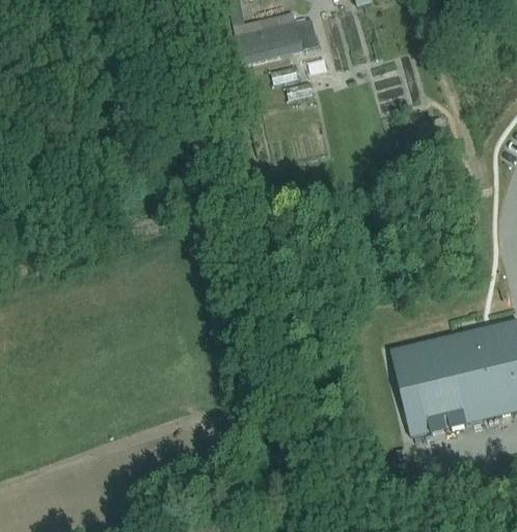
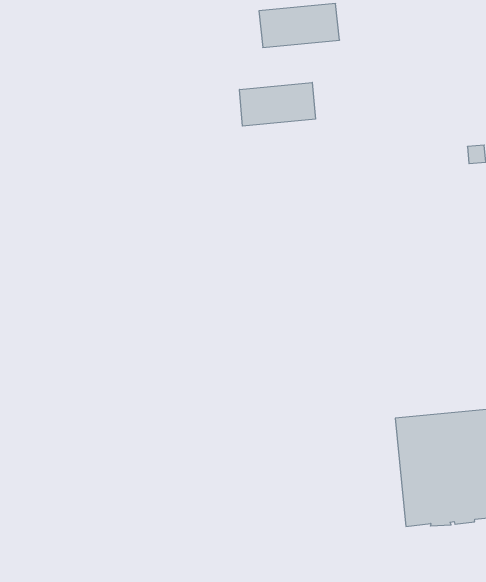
building: none -> [240,82,315,126]

